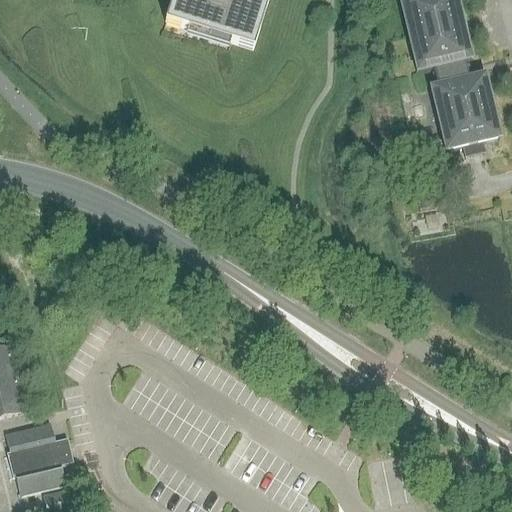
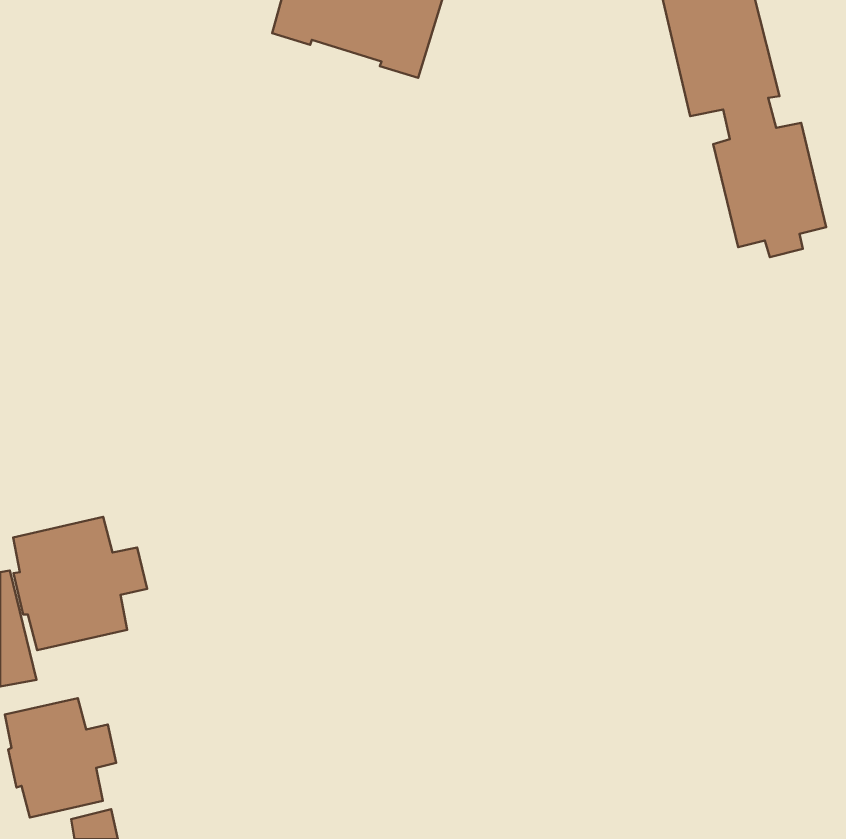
building: none -> [13,517,147,650]

